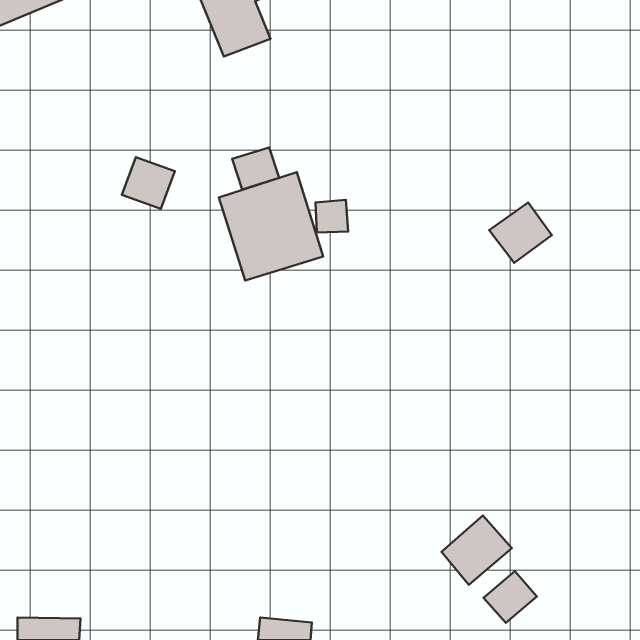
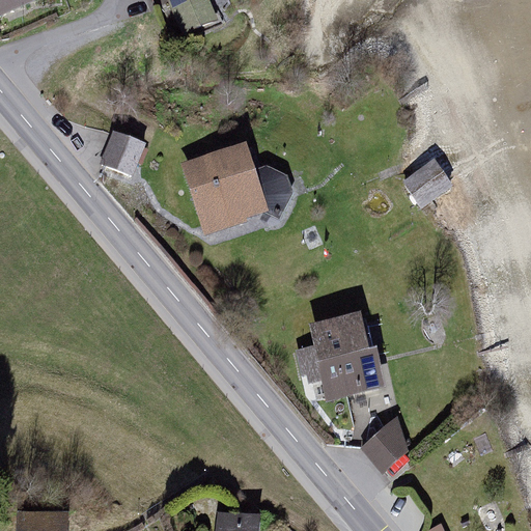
building: [232,147,279,190] -> none
building: none -> [308,311,389,397]
building: [484,571,537,623] -> none

